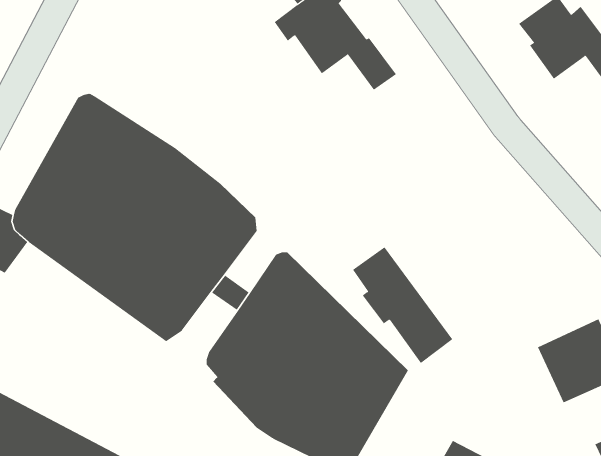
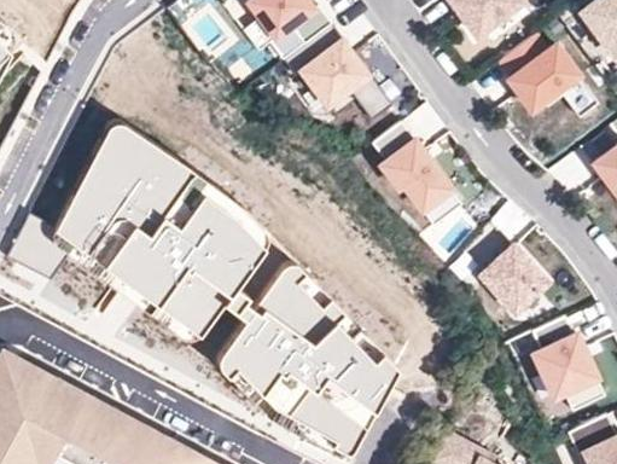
building: none -> [482,249,548,315]
building: [352,246,453,364] -> [373,124,462,228]

